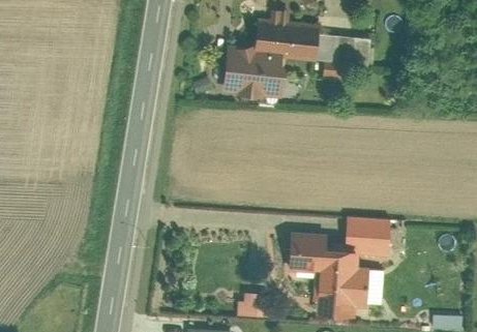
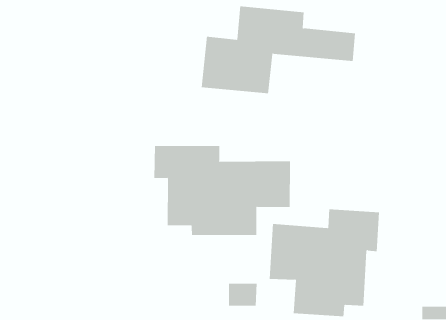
building: none -> [154,145,290,236]

